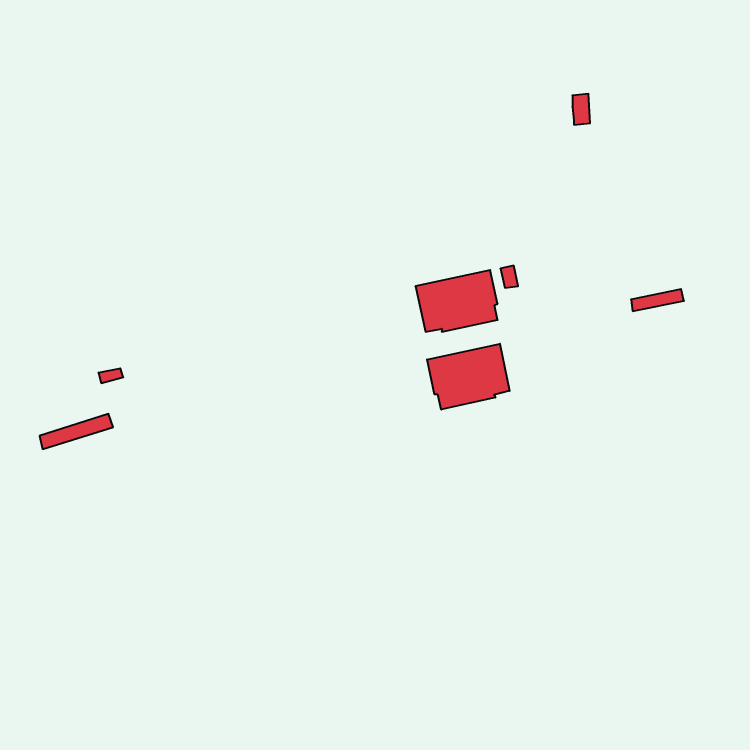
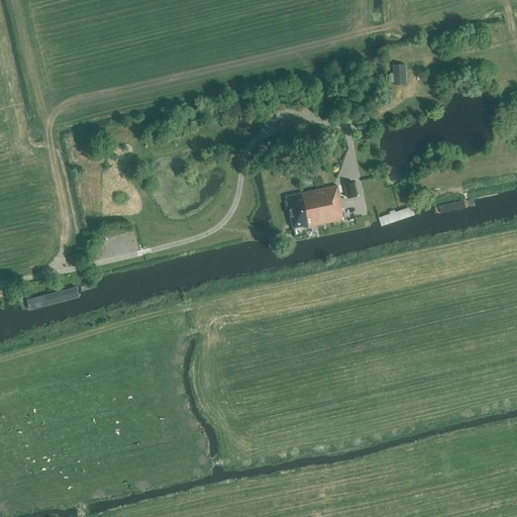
building: [427,344,510,410] -> none

